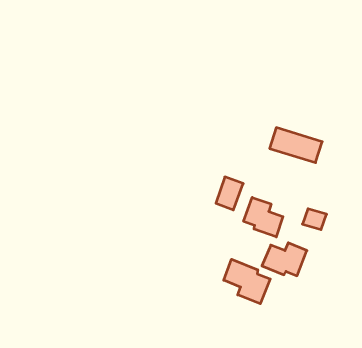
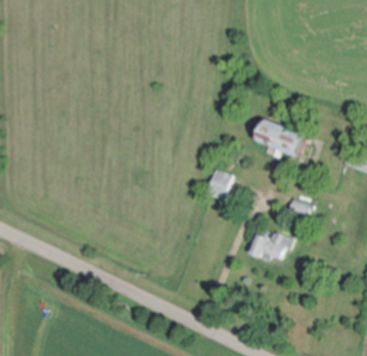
building: [244,197,283,237] -> none
building: [224,259,270,304] -> none

